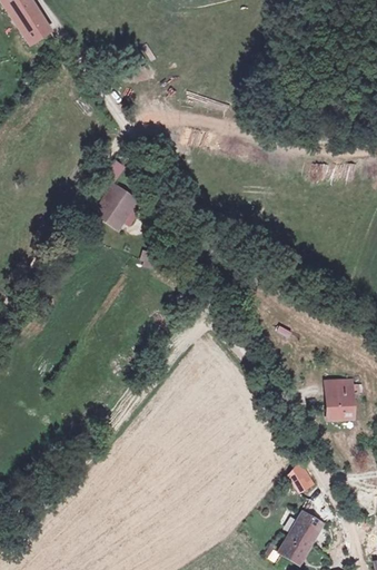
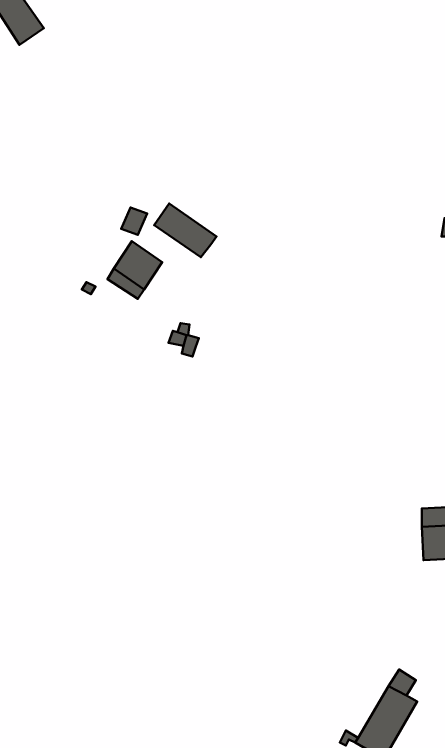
building: none -> [154,204,216,257]
building: [286,463,316,495] -> none

